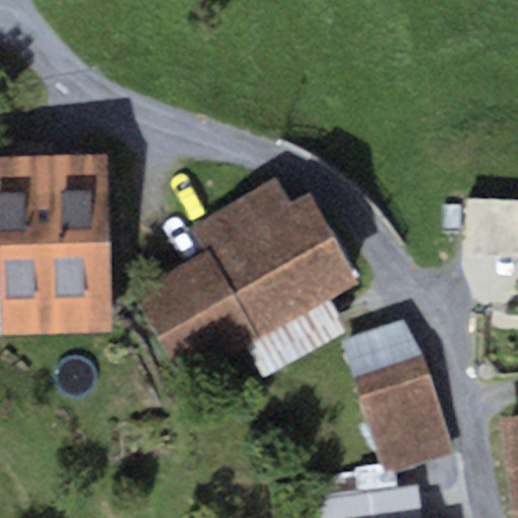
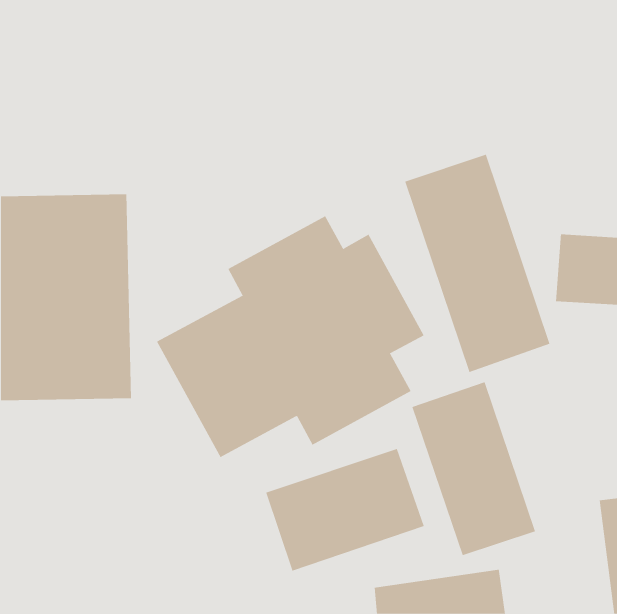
building: none -> [404,154,550,373]
building: none -> [266,448,424,571]

